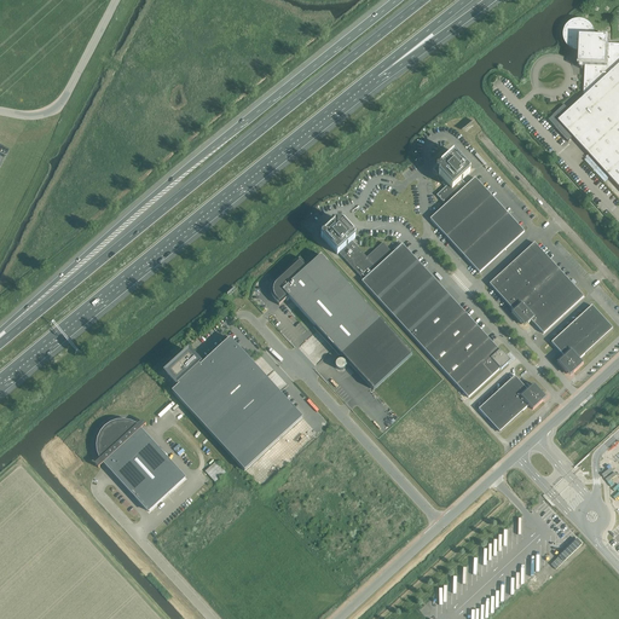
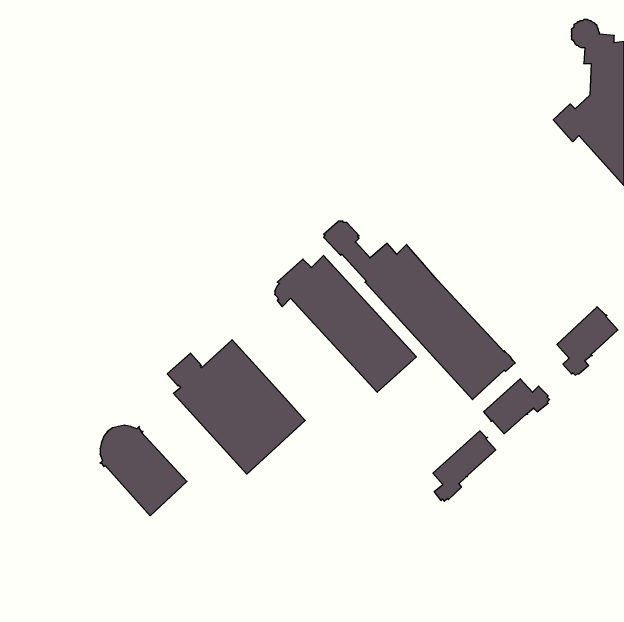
building: [429,150,525,271] -> none
building: [490,241,584,332] -> none
building: none -> [433,431,496,501]

